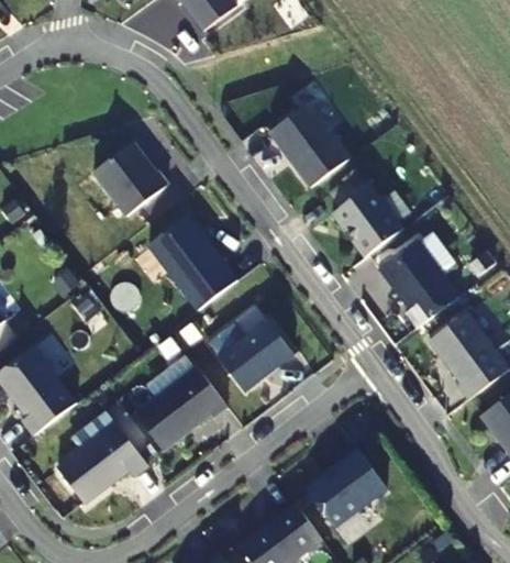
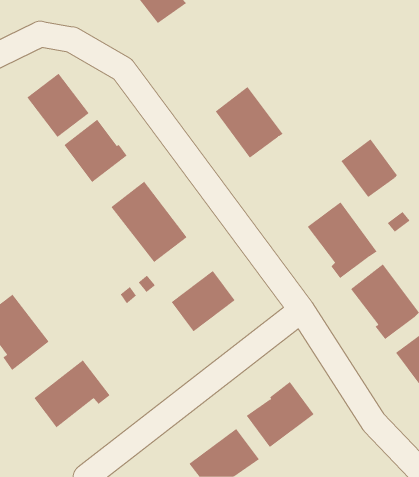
building: none -> [27,73,90,138]
building: [333,186,400,255] -> [341,139,398,198]
building: [134,365,226,450] -> none

